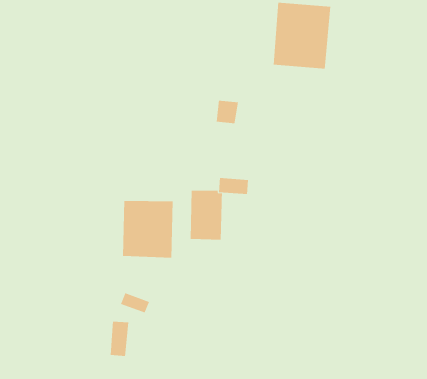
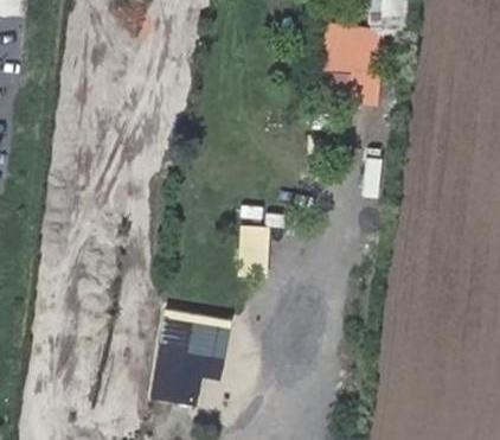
building: [123,200,173,259] -> none

